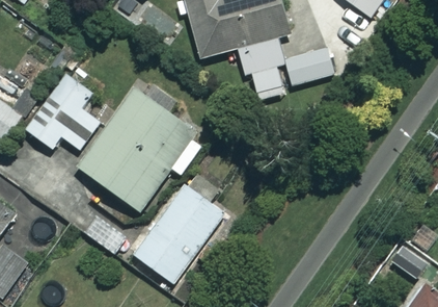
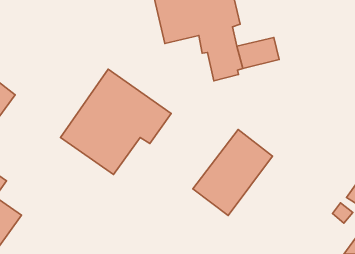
building: [24,72,101,150] -> none
building: [131,182,224,283] -> [193,130,273,215]

